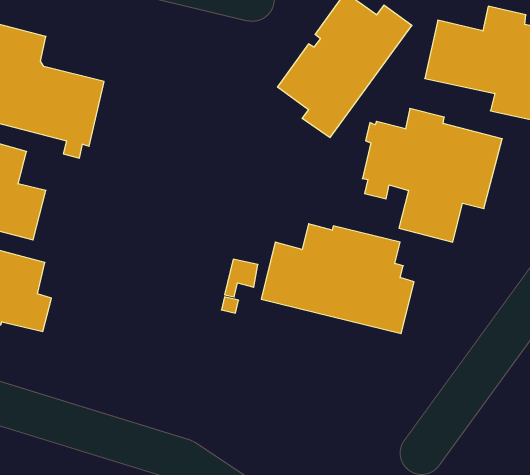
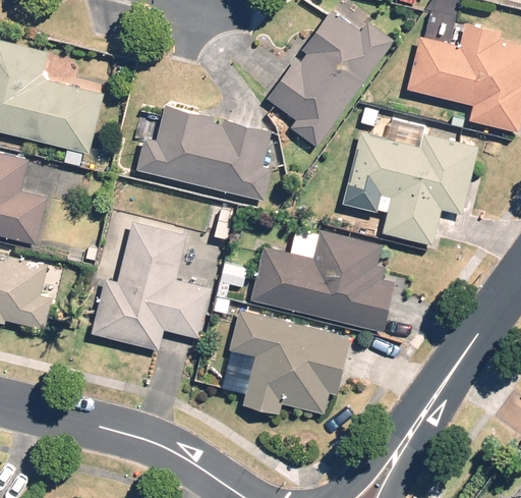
building: none -> [136,105,271,201]
building: none -> [92,221,211,350]
building: none -> [223,310,350,414]

